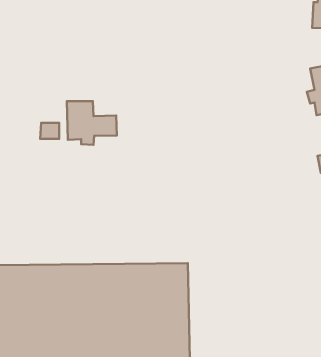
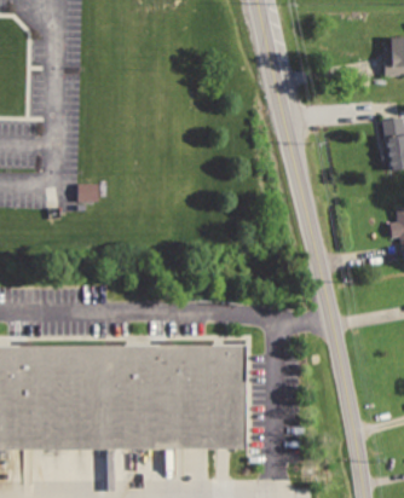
building: [67,101,117,145] -> none

